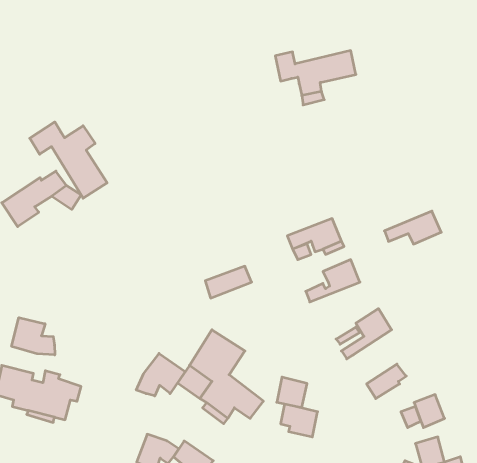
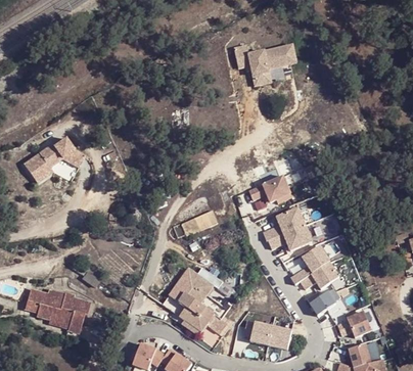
building: [30,122,107,198] -> none
building: [384,211,441,244] -> [268,224,312,249]
building: [12,318,55,355] -> none
building: none -> [300,261,338,288]
building: [136,353,185,396] -> none
building: [277,377,307,407] -> [268,324,291,347]

